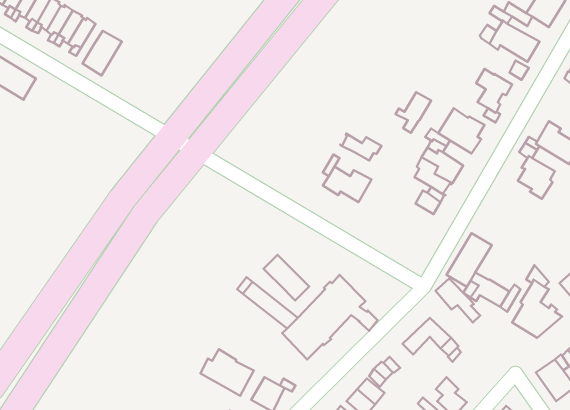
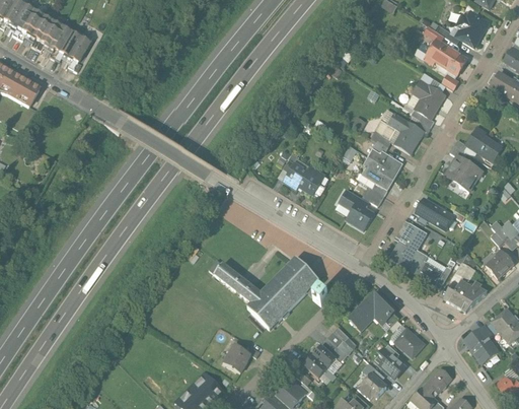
building: [83,31,122,76] -> none
building: [396,92,431,133] -> none
building: [340,134,382,161] -> none
building: none -> [339,190,371,228]
building: none -> [417,199,454,229]
building: [263,255,309,300] -> none
building: [436,279,480,323] -> none
building: [200,349,254,396] -> none
building: none -> [394,328,424,356]

